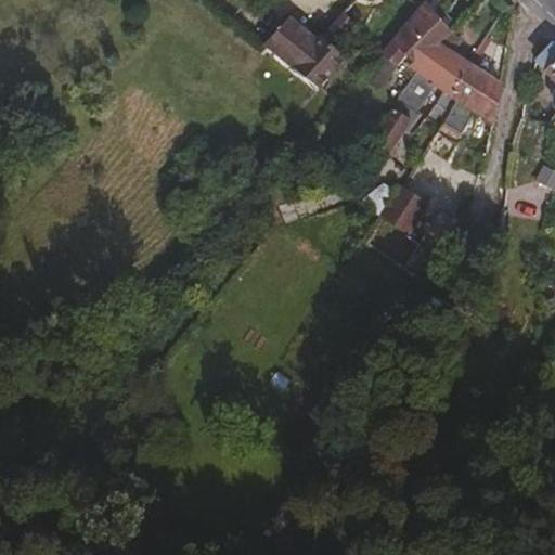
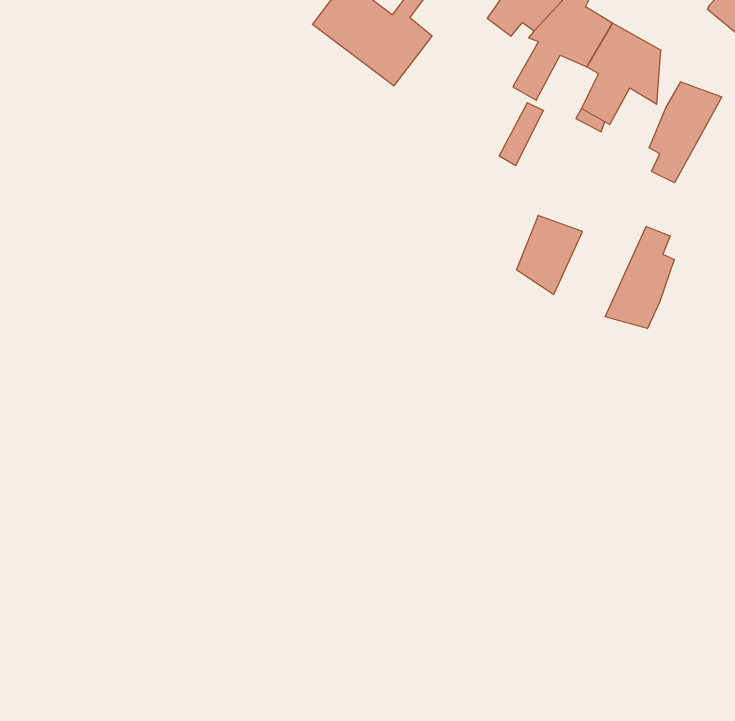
building: none -> [649,82,722,183]
building: none -> [605,226,674,329]

